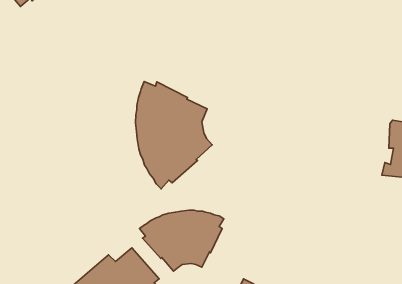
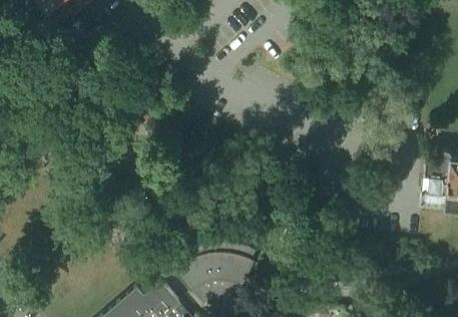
building: [135,82,212,189] -> none

